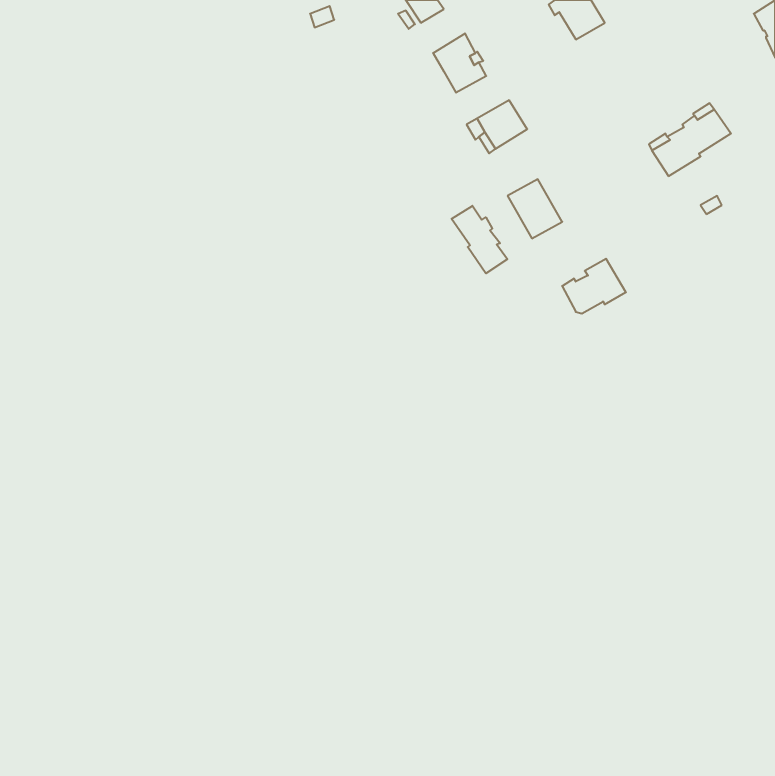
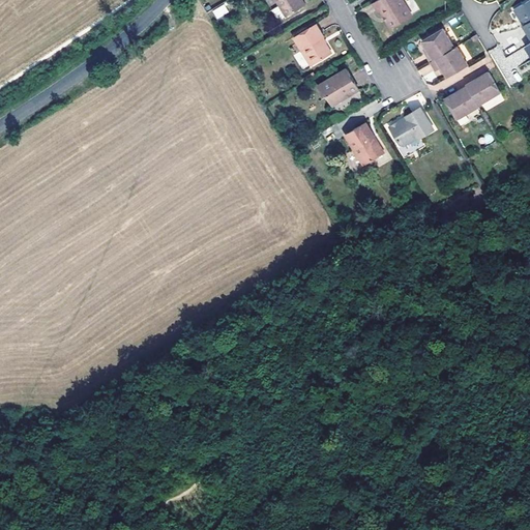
building: none -> [422,30,467,77]
building: [452,206,507,273] -> none
building: [562,259,626,313] -> [390,107,434,144]

